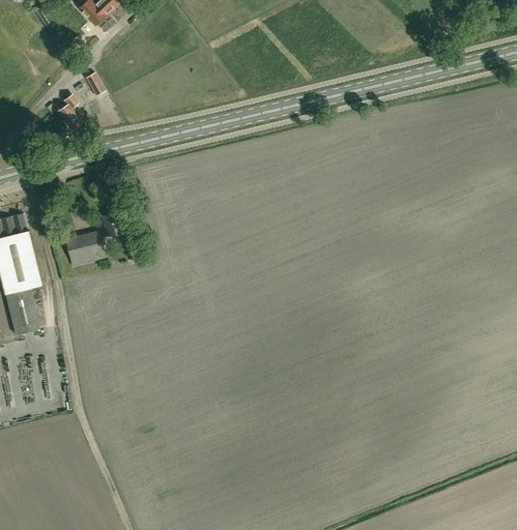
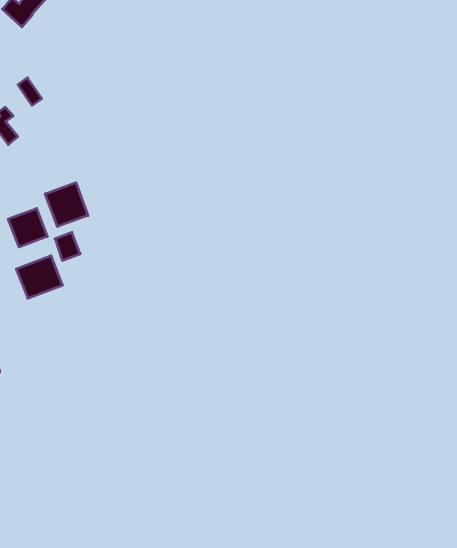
building: none -> [45,183,88,227]
building: none -> [8,208,47,247]

